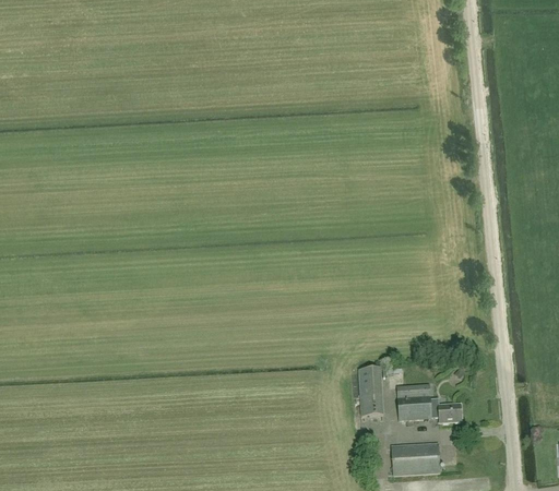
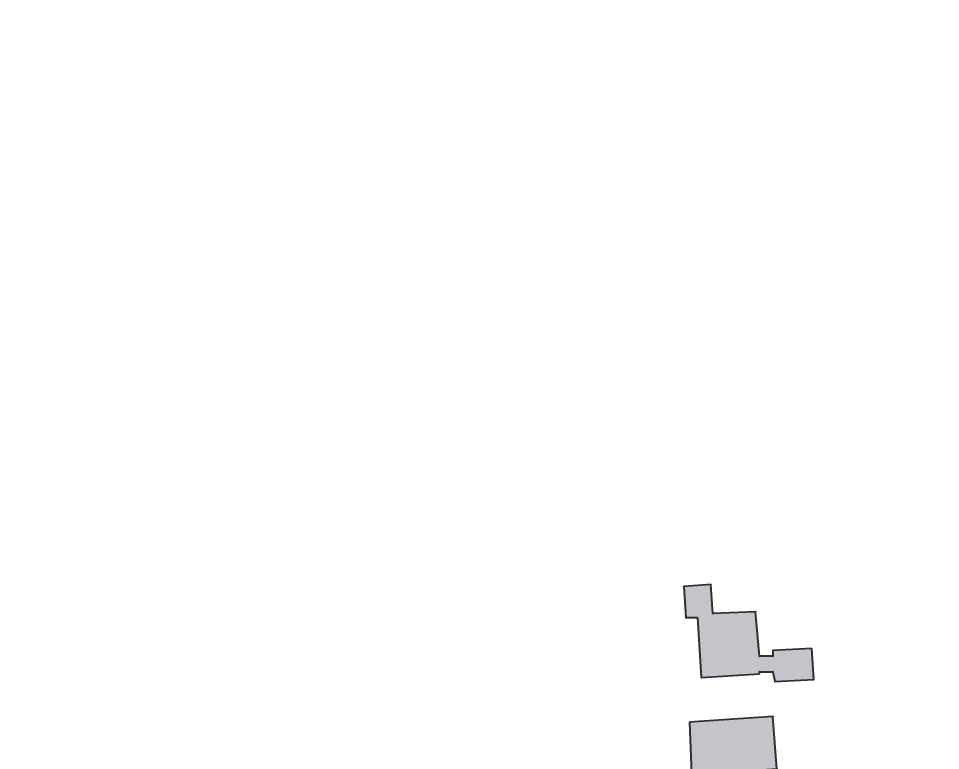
building: [358,368,384,415] -> none

